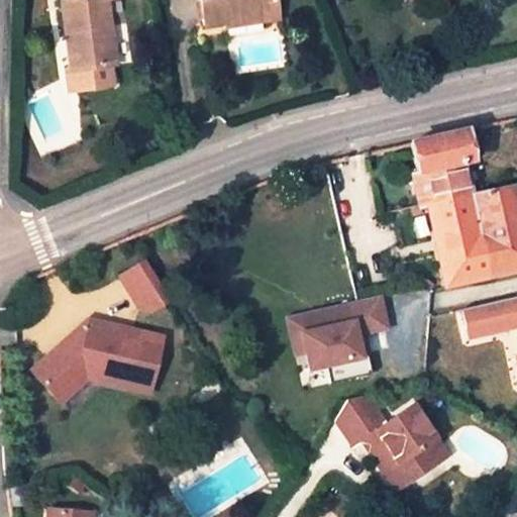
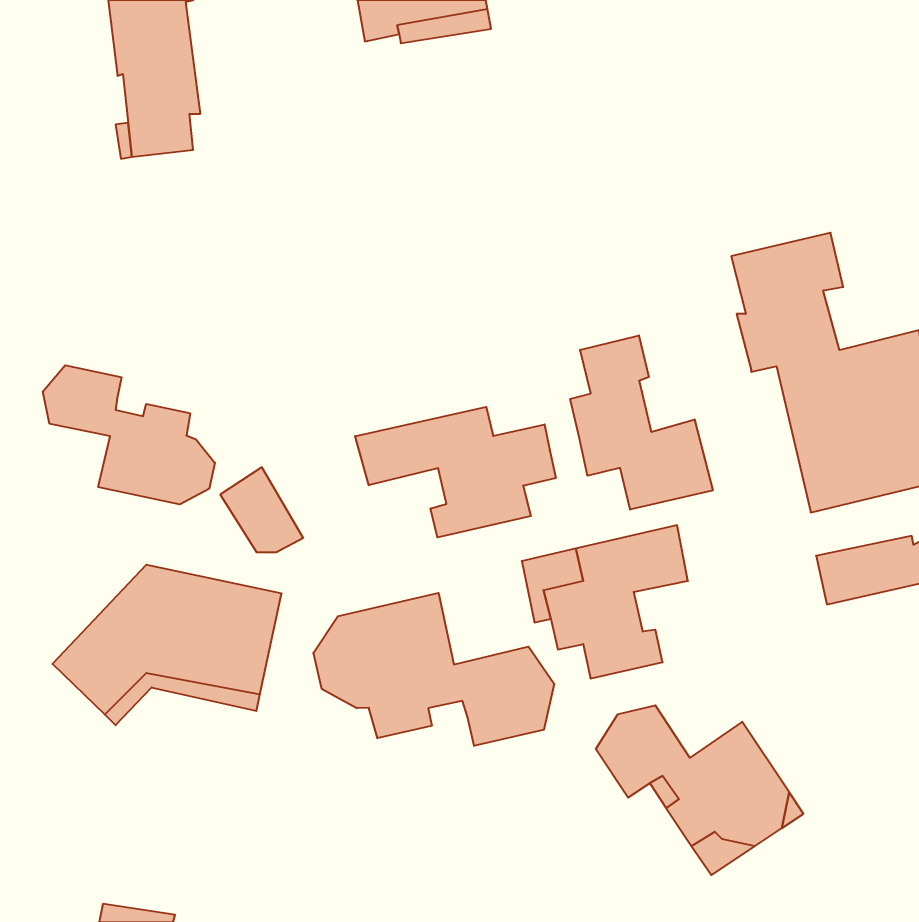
building: none -> [570,335,713,510]
building: none -> [43,365,215,504]
building: none -> [355,407,556,537]
building: none -> [313,593,554,746]

